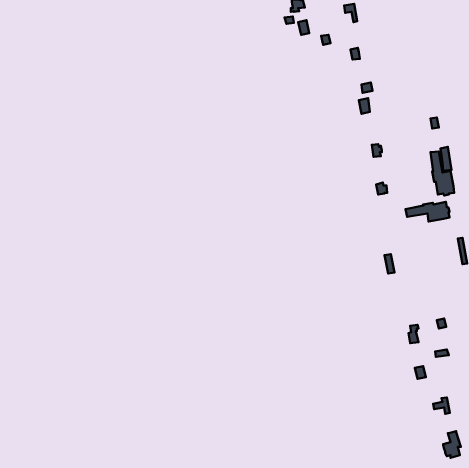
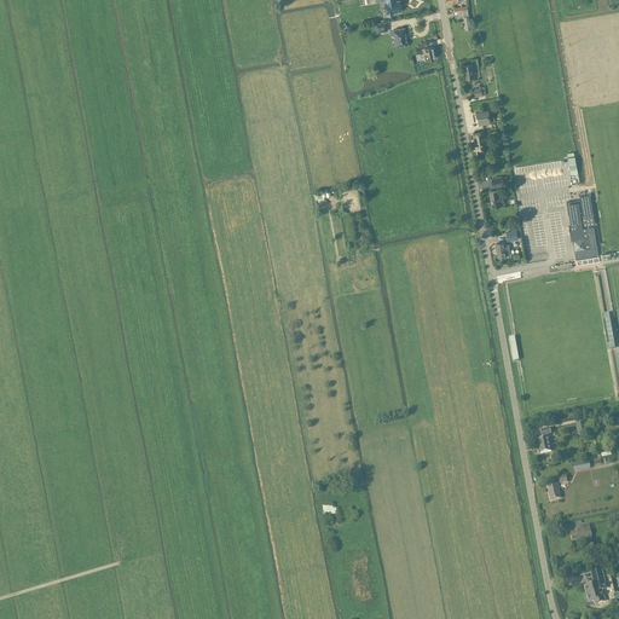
building: [405,202,449,221] -> none

